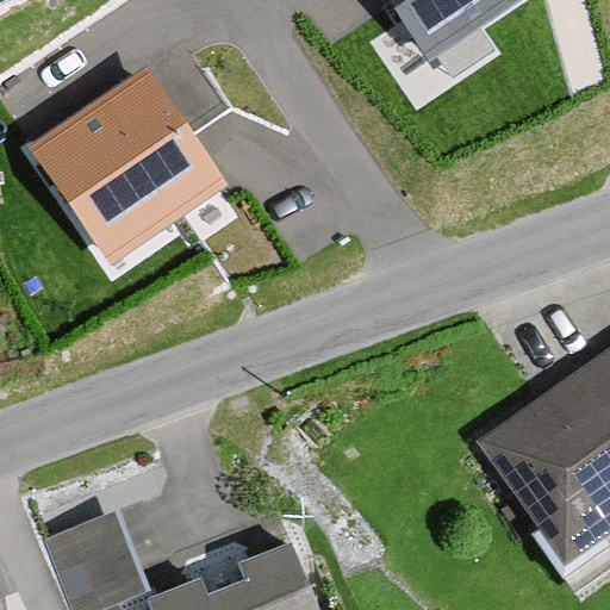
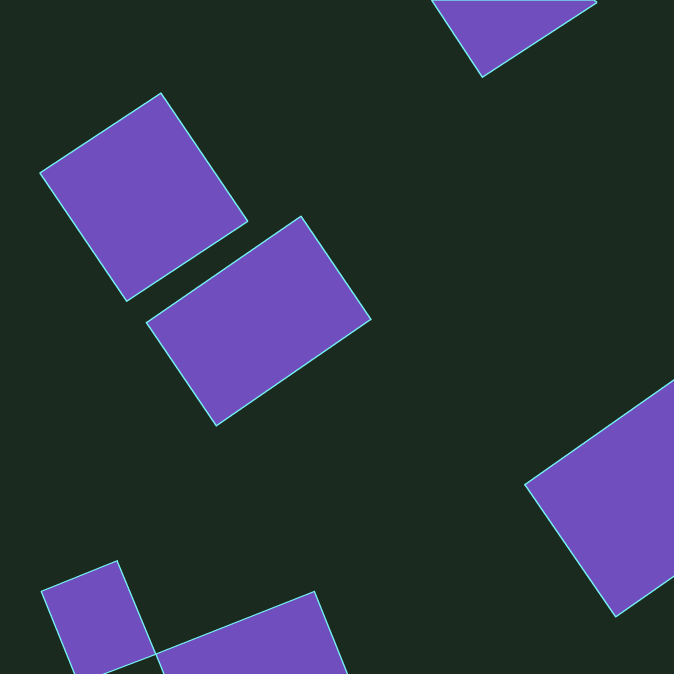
building: none -> [146,216,371,426]

